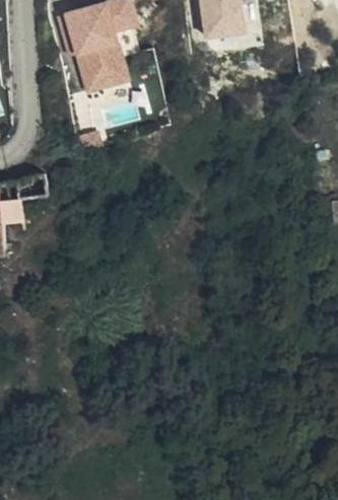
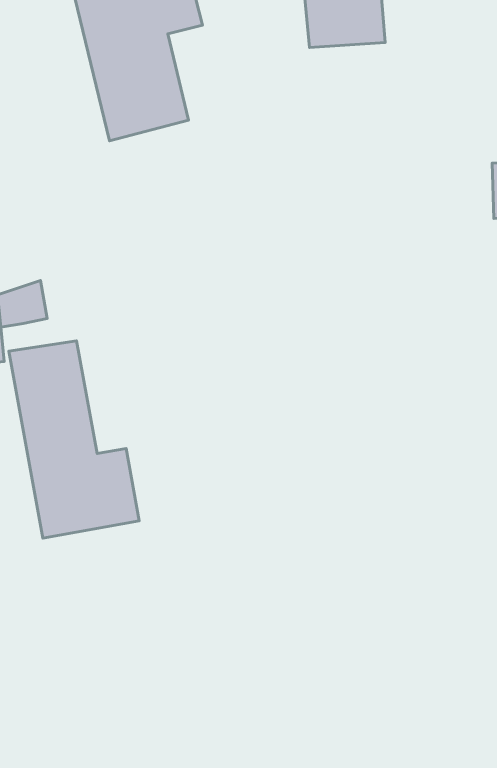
building: none -> [9,341,139,538]

